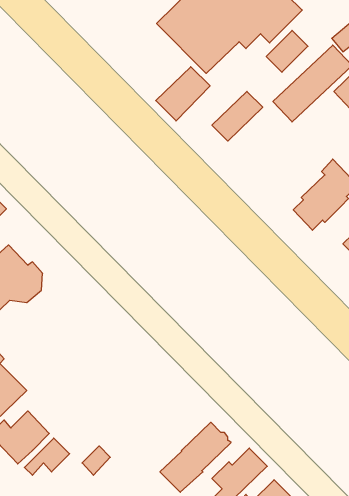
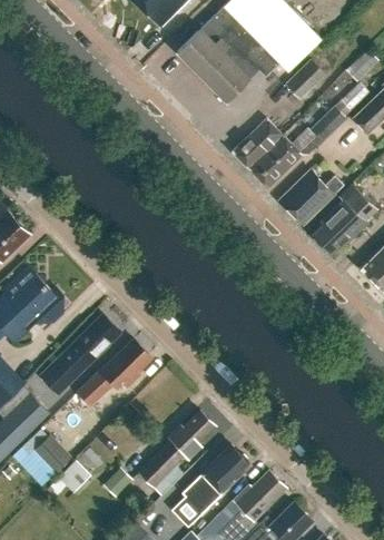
building: [156,67,210,121] -> [248,134,302,187]
building: none -> [279,170,344,223]
building: none -> [42,314,121,389]
building: none -> [76,338,150,408]
building: none -> [139,410,215,487]

